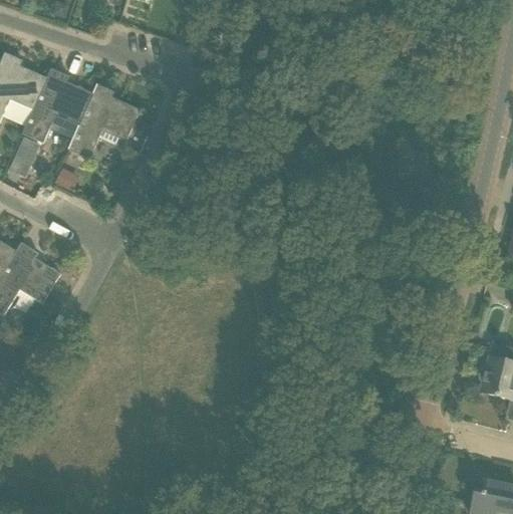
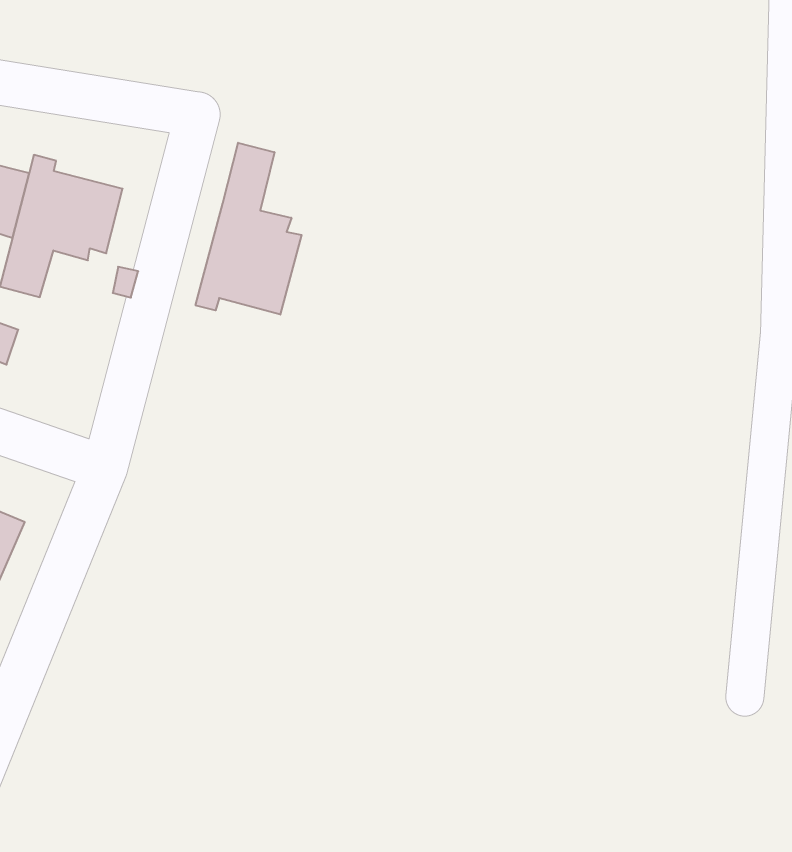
building: none -> [196,143,302,315]

